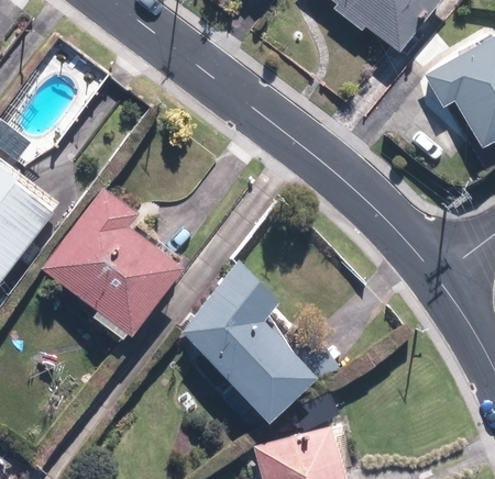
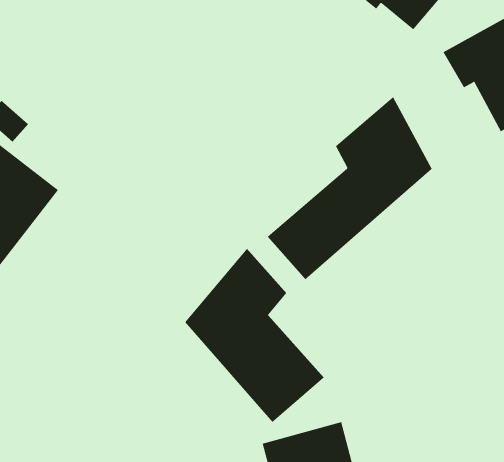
building: none -> [267,96,433,280]
building: [43,189,184,339] -> none

